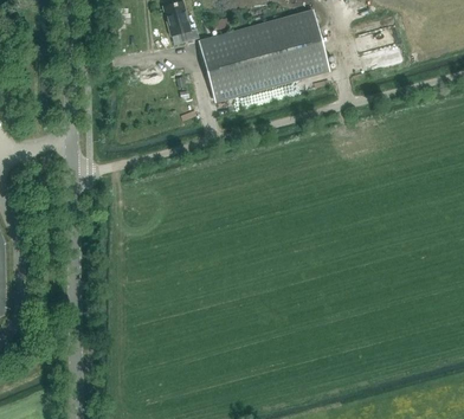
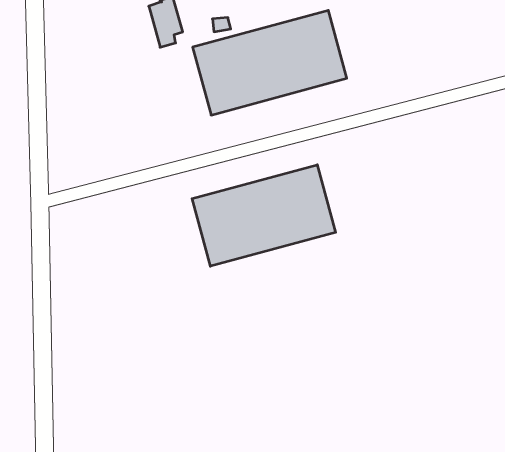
building: none -> [192,165,336,266]

